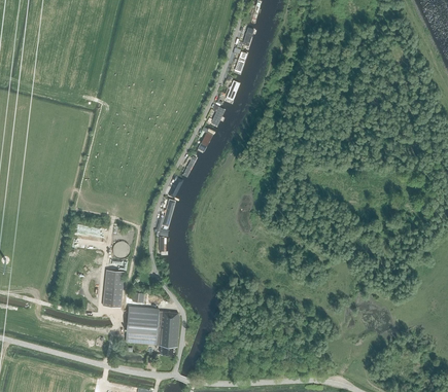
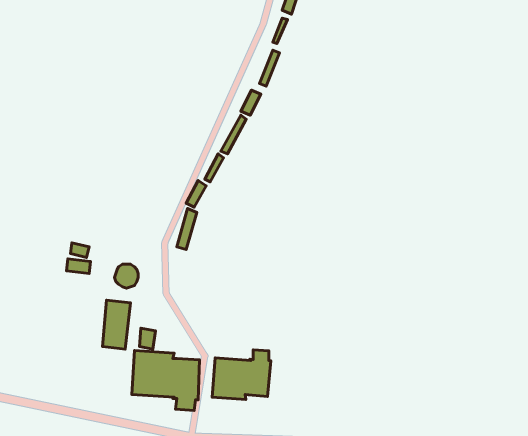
building: none -> [212,350,271,399]

